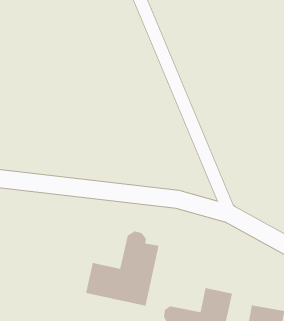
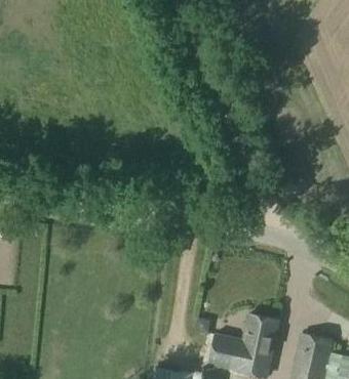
building: [85,231,159,306] -> none

